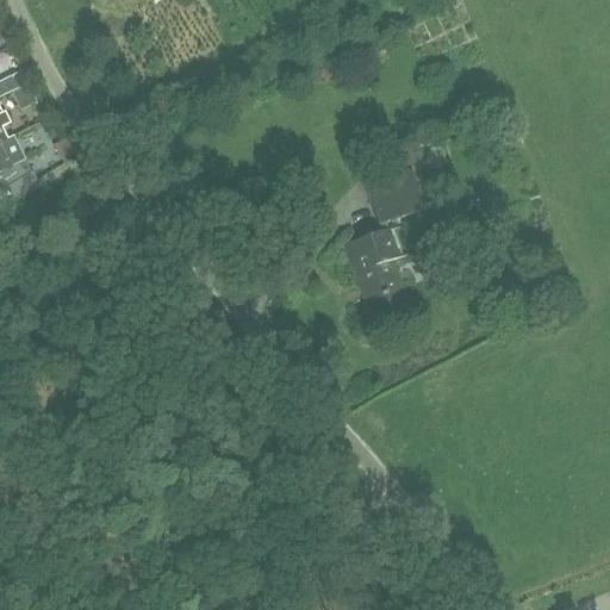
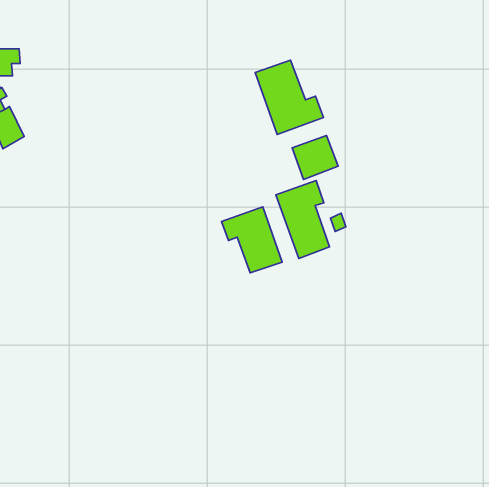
building: none -> [255,60,323,134]
building: none -> [221,207,282,273]

